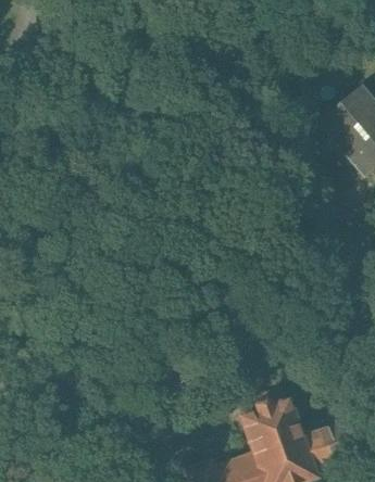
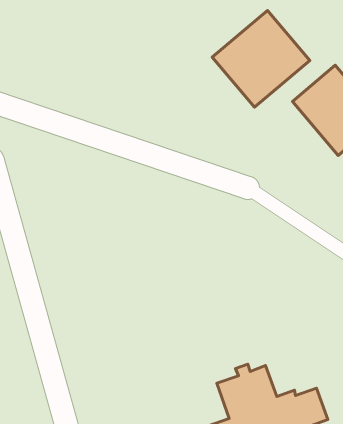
building: none -> [212,10,310,107]

